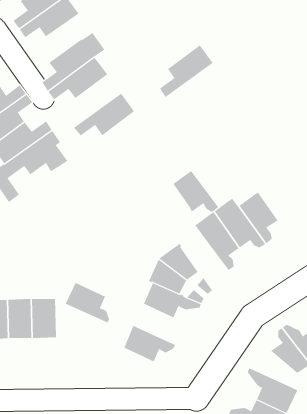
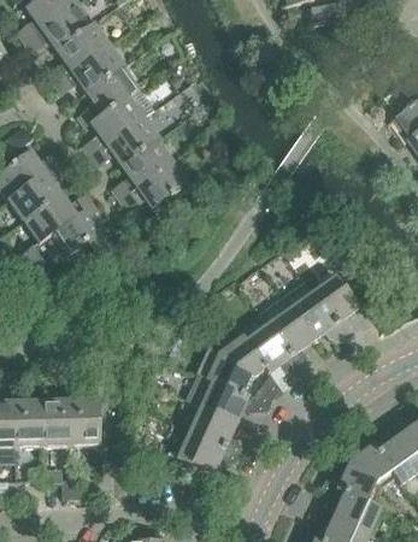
building: none -> [77,65,141,126]
building: [159,44,213,98] -> [111,136,175,199]
building: [172,170,219,212] -> [245,323,300,372]
building: [65,282,110,323] -> [188,405,241,453]
building: none -> [324,460,381,502]

